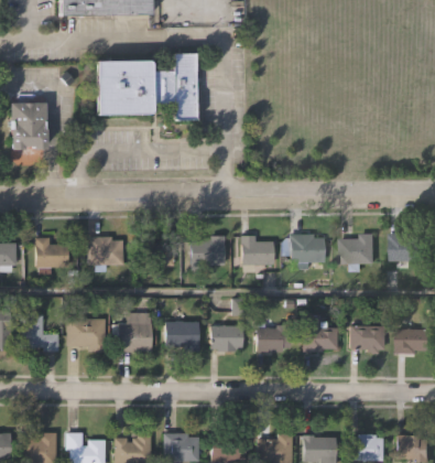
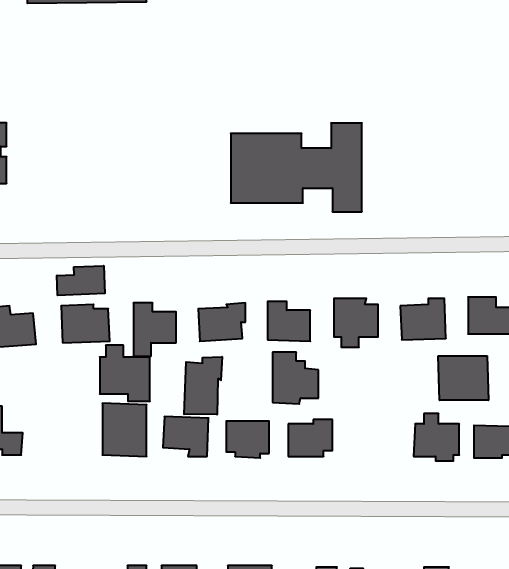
building: [99,53,197,119] -> [231,123,362,212]
building: none -> [57,266,105,295]
building: none -> [438,356,488,400]
building: none -> [184,357,222,415]
building: [67,311,105,353] -> [100,345,150,401]
building: [304,315,338,354] -> [273,352,318,404]

